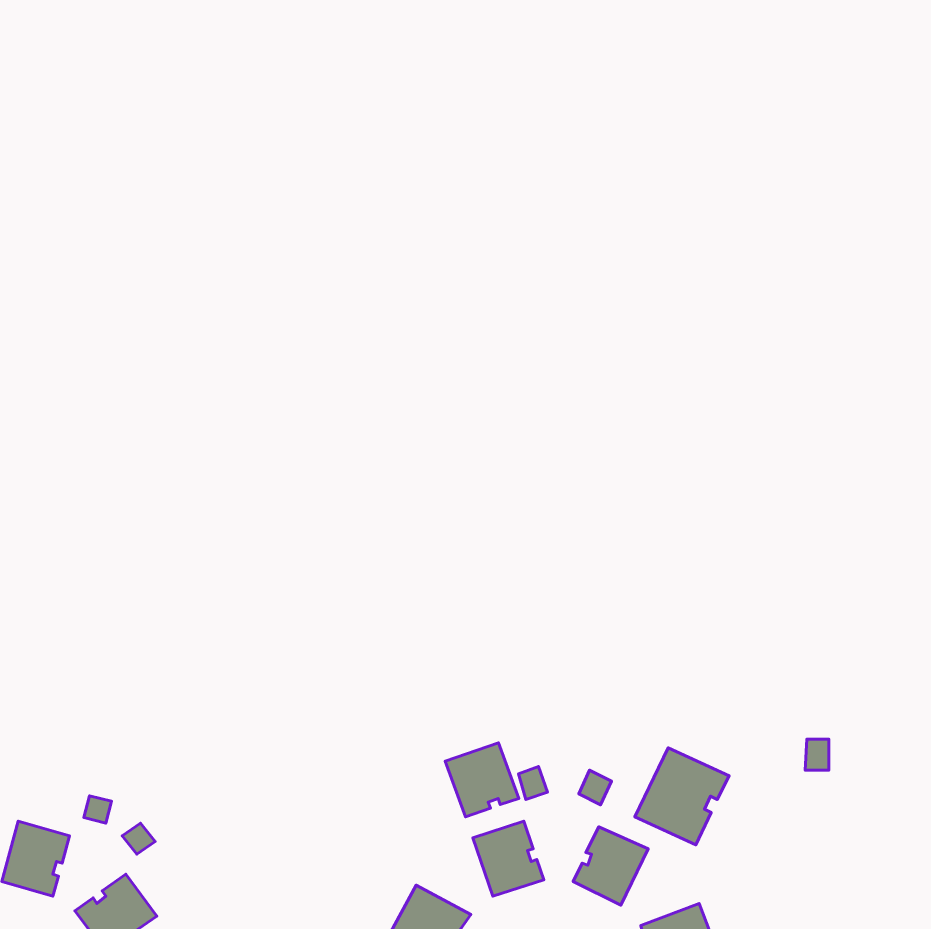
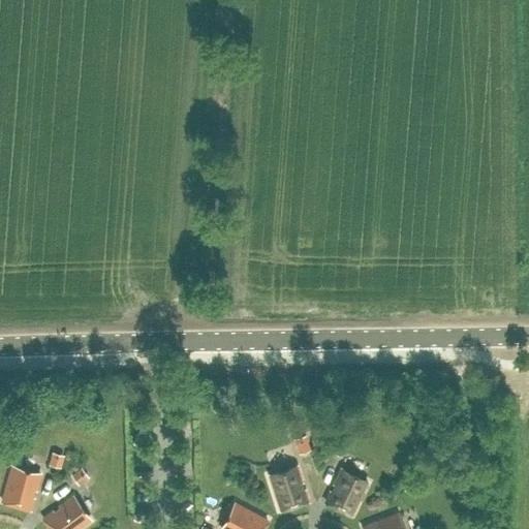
building: [445,743,519,817] -> none
building: [635,748,729,845] -> none

